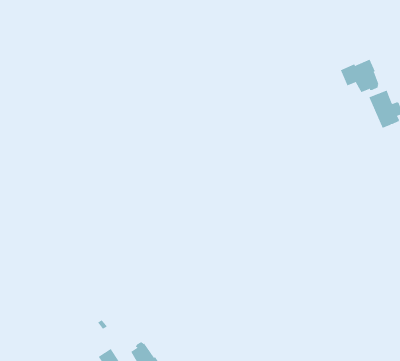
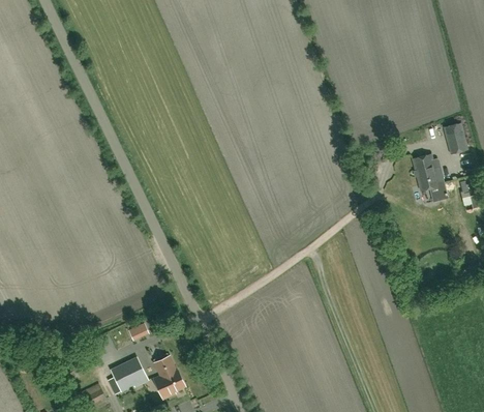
building: [340,59,379,93] -> none

